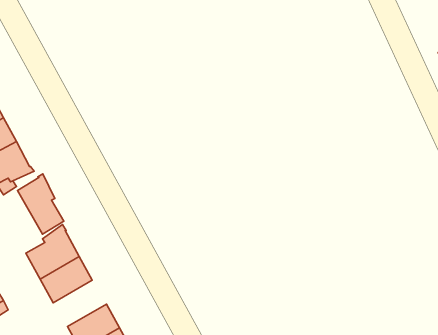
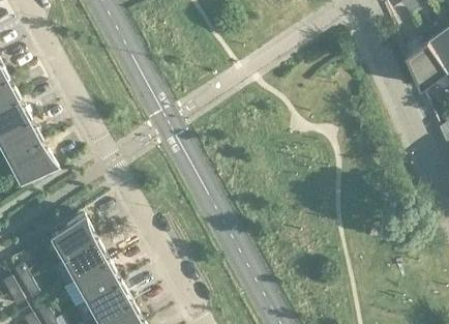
building: [17,174,64,234] -> none
building: none -> [73,263,120,303]

